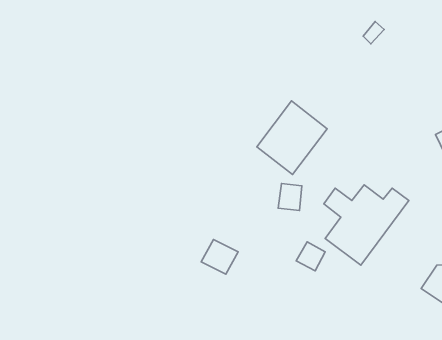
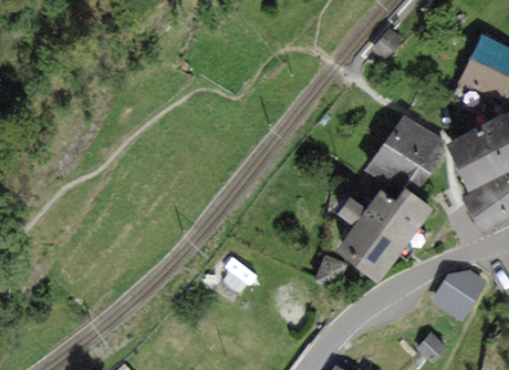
building: [257,101,327,175] -> [373,120,443,193]

